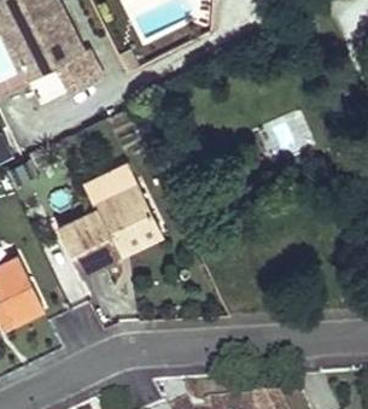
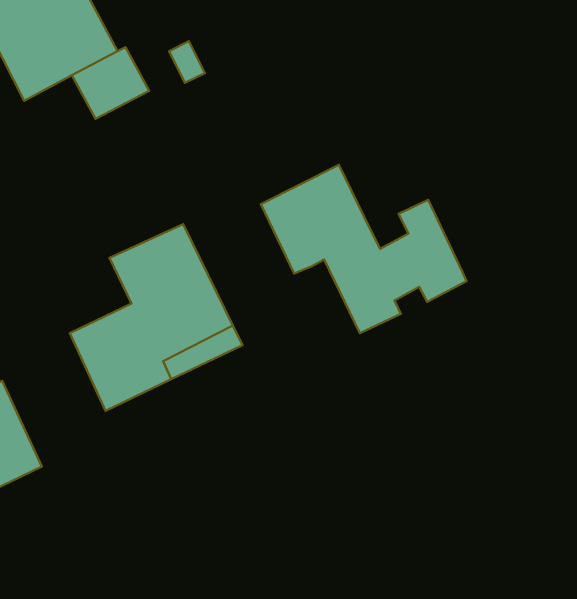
building: none -> [261,165,467,333]

